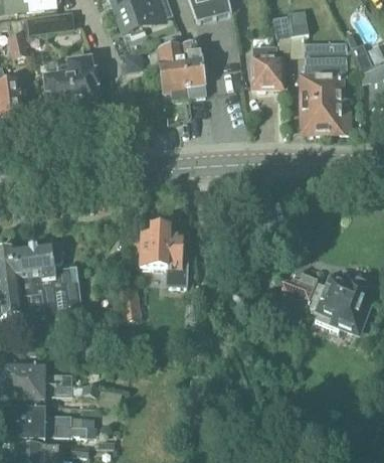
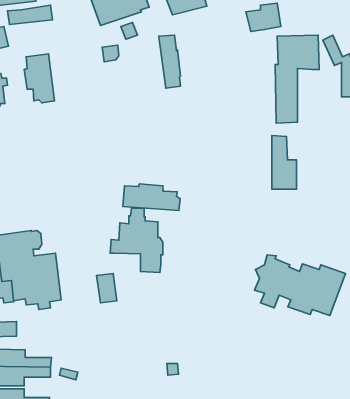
building: [159,42,190,98] -> none
building: [253,45,282,86] -> none
building: [69,57,100,109] -> none
building: [326,75,351,131] -> [272,135,296,189]
building: none -> [123,184,180,211]

